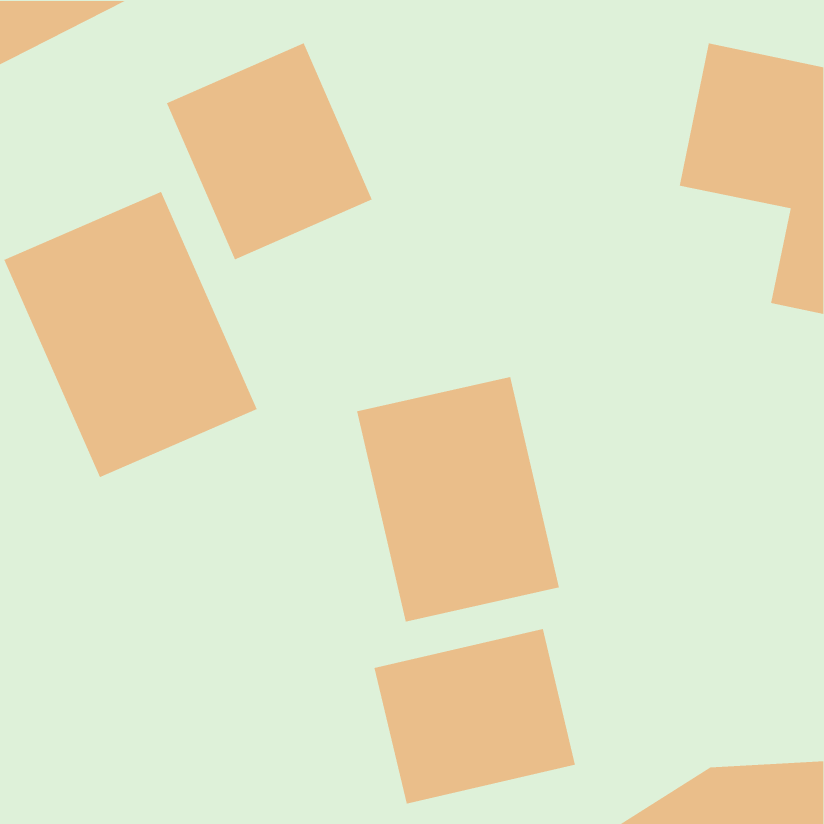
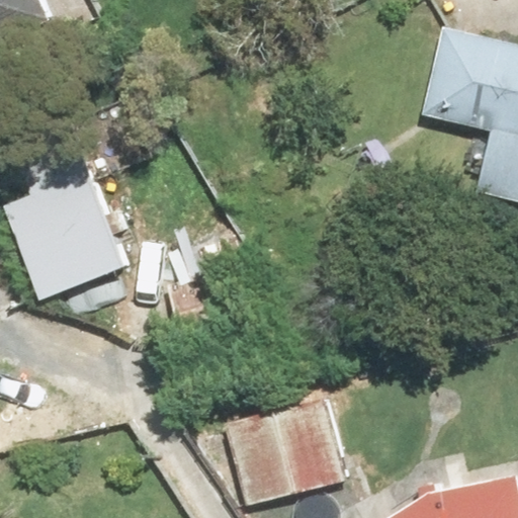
building: [166,42,373,261] -> none
building: [356,376,560,622] -> none

